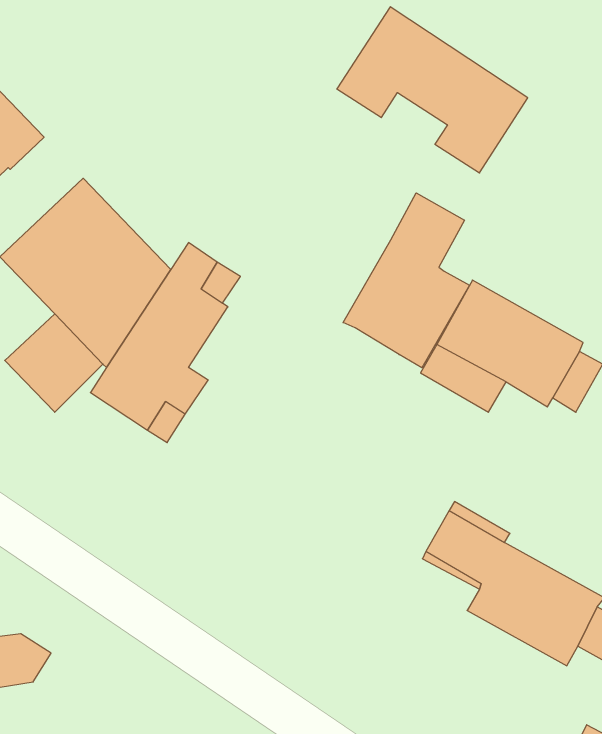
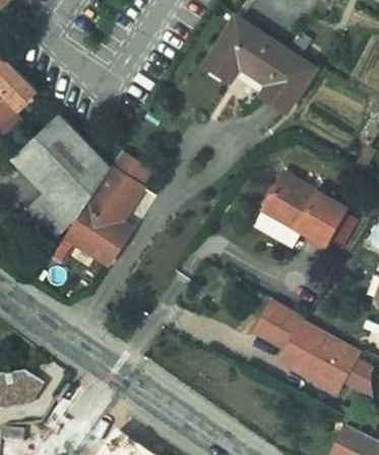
building: [343,193,470,368] -> none

